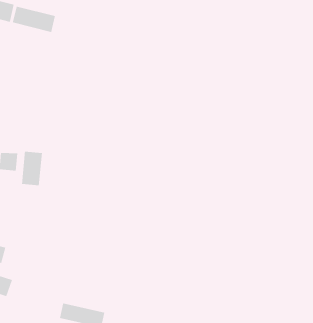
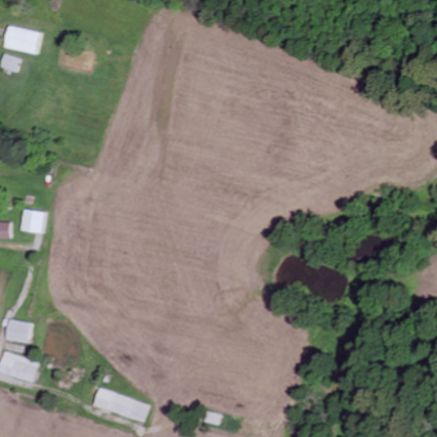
building: [12,6,56,33] -> none
building: [21,151,43,186] -> none

